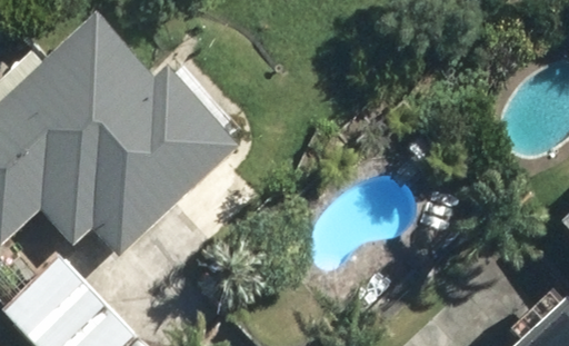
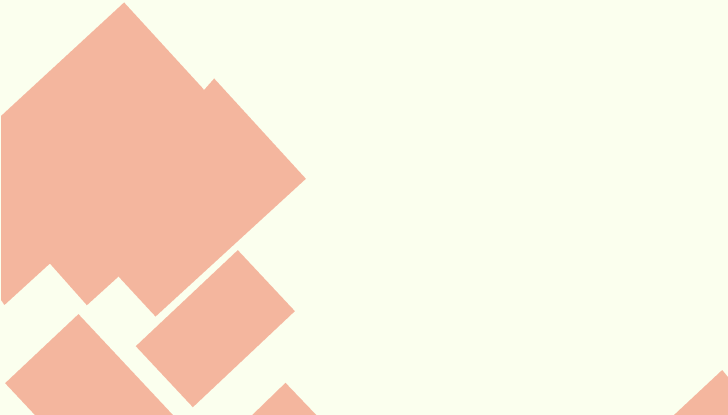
building: none -> [135,249,296,408]

